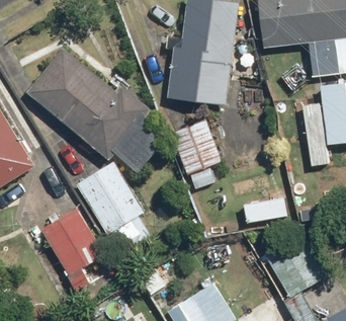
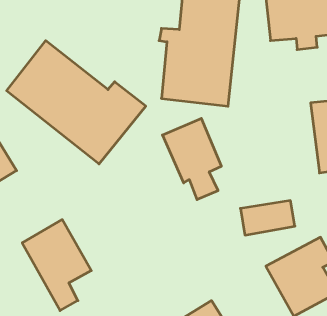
building: [75,163,149,254] -> none

